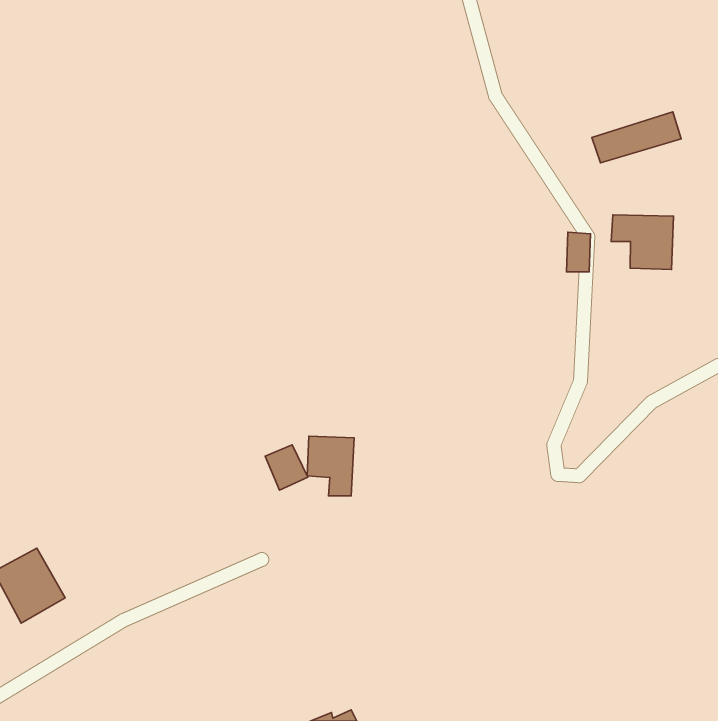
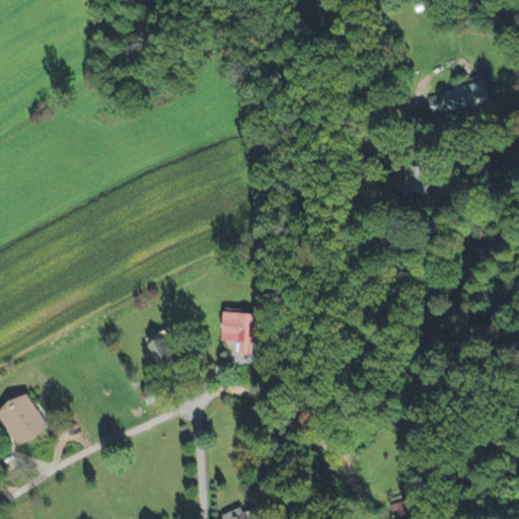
building: [611,215,674,270] -> none
building: [265,445,308,490] -> [147,336,177,368]

